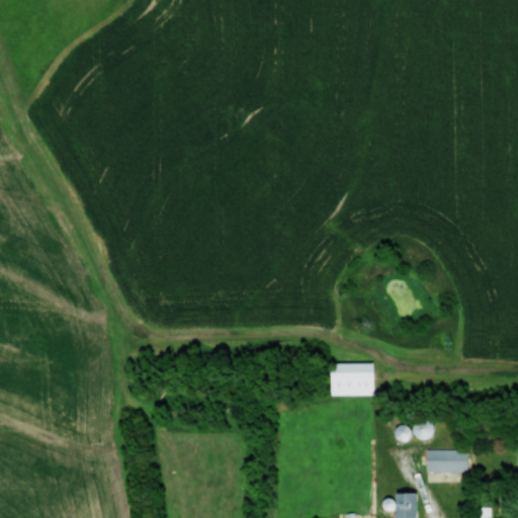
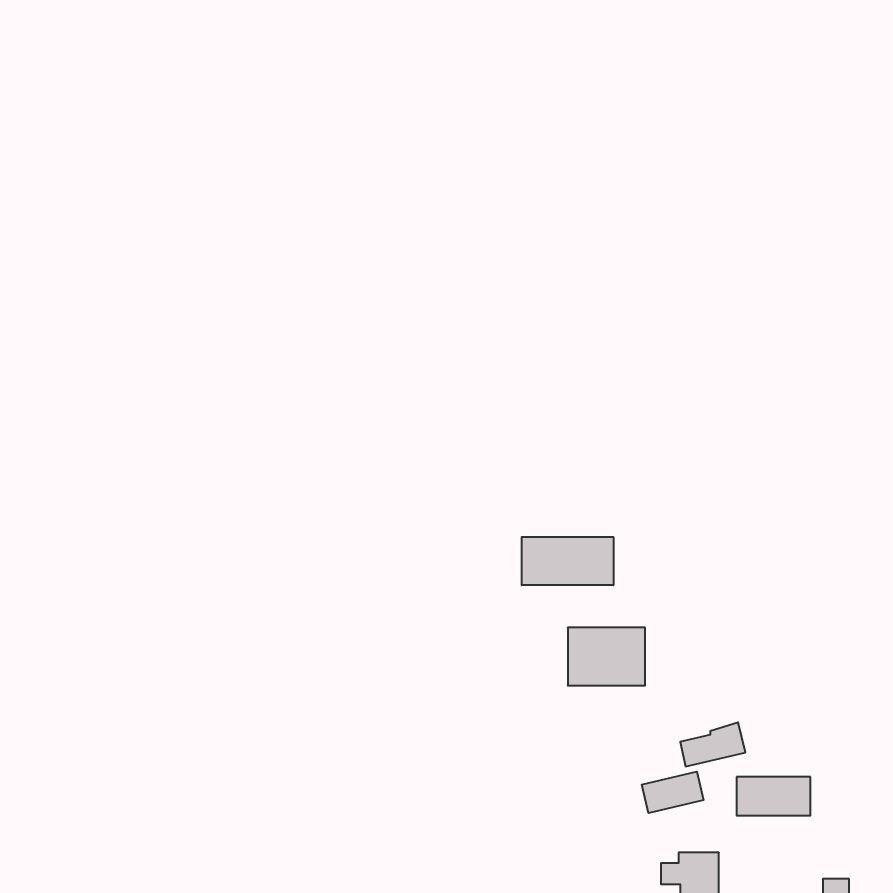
building: none -> [522,537,613,585]
building: none -> [642,772,704,813]

